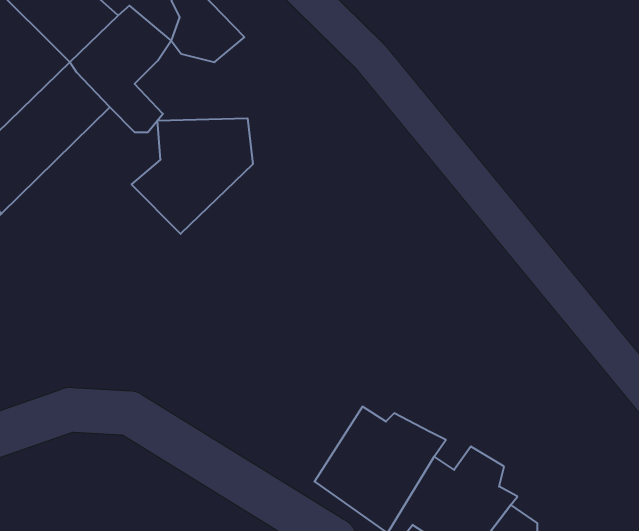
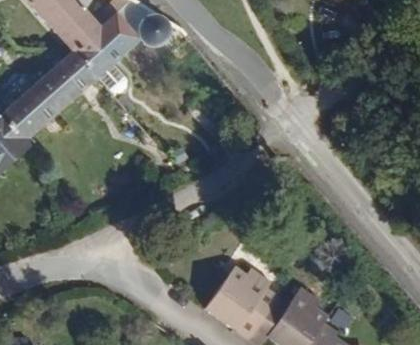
building: [132,118,253,234] -> none

